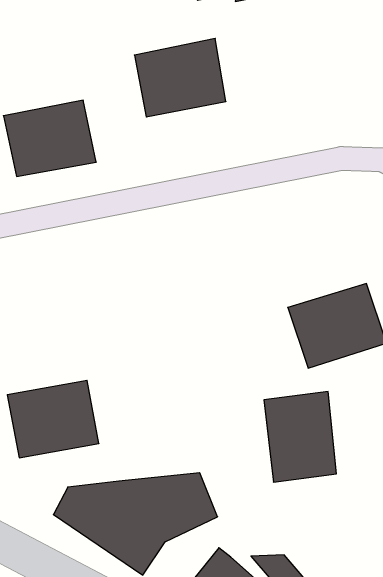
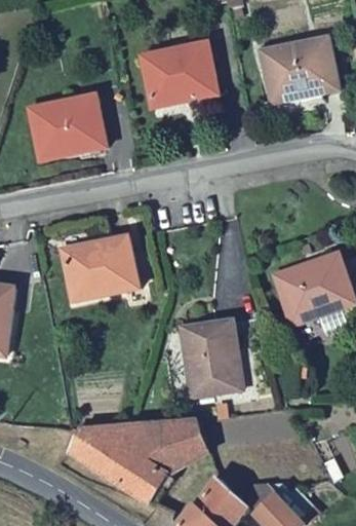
building: none -> [262,35,340,103]
building: [7,380,99,458] -> [61,235,140,302]
building: [264,392,336,482] -> [181,320,243,398]

